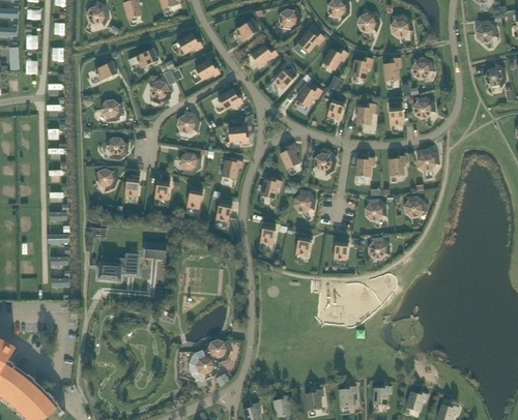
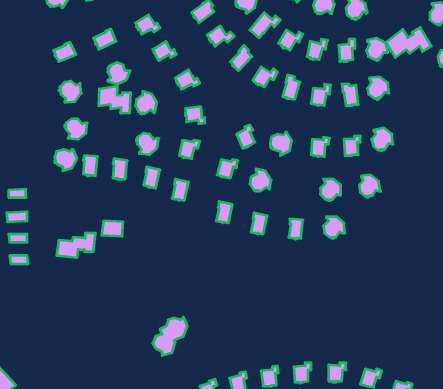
building: none -> [386,27,431,58]
building: none -> [99,86,130,113]

